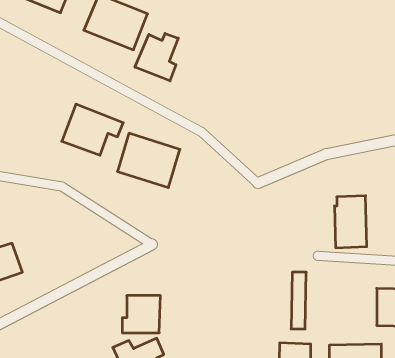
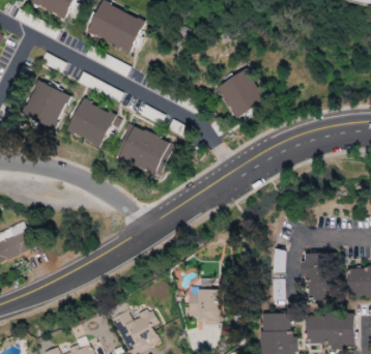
building: [135,33,178,81] -> none
building: none -> [218,69,263,116]
building: none -> [22,80,69,128]
building: [334,196,367,248] -> [304,253,333,299]
building: [122,296,160,333] -> [184,288,219,321]

